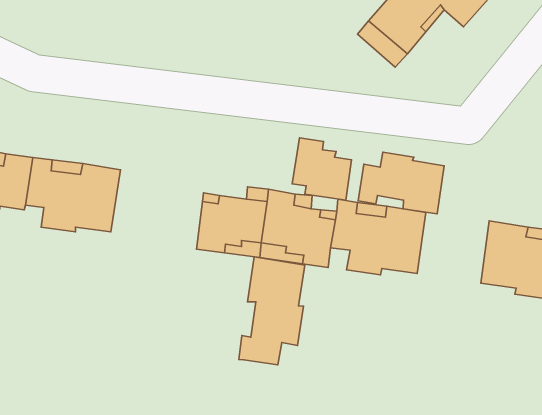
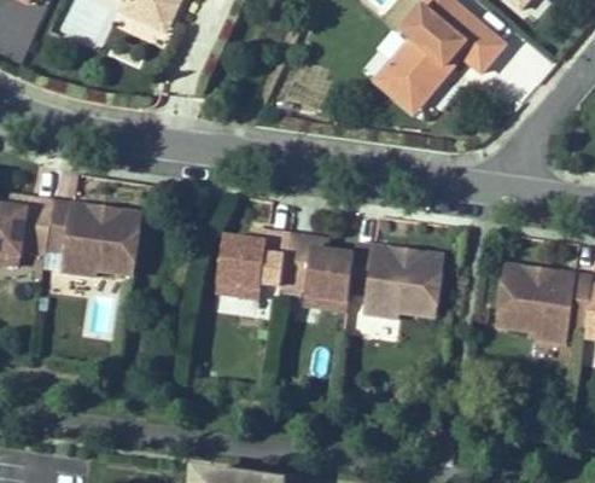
building: [292,138,351,200] -> none
building: [358,152,444,214] -> none
building: [239,257,305,365] -> none

